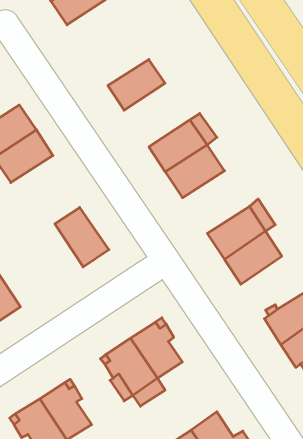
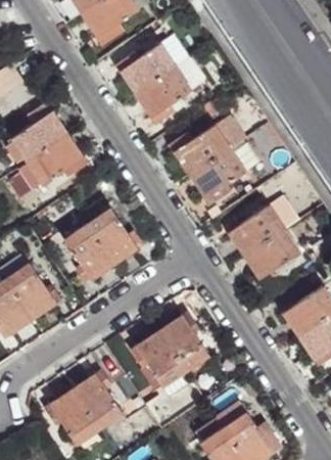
building: none -> [121,44,175,93]
building: none -> [63,224,112,279]

